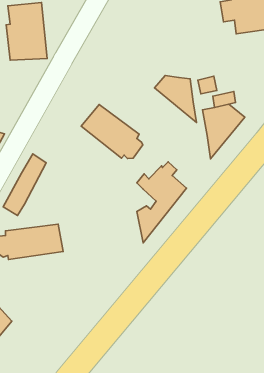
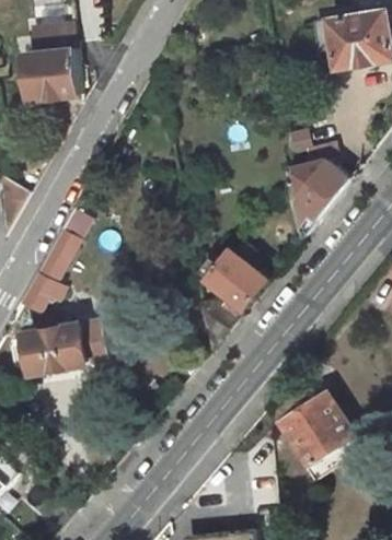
building: [155,76,197,123] -> none
building: [81,104,143,159] -> none
building: none -> [280,392,357,466]

